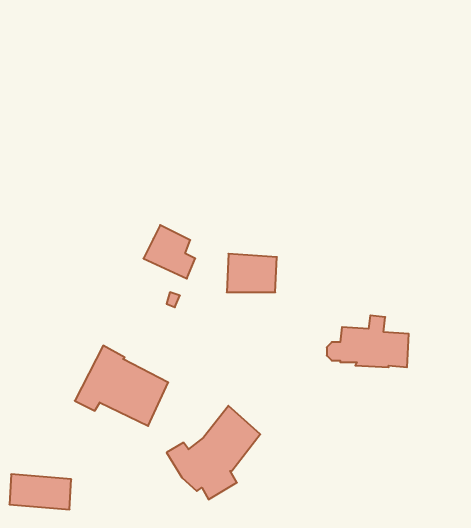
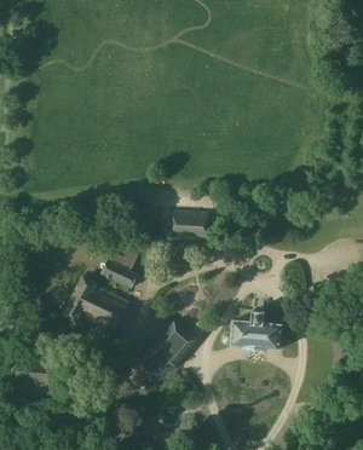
building: [143,225,195,279] -> [100,249,138,288]
building: [327,315,409,367] -> [221,311,281,348]

